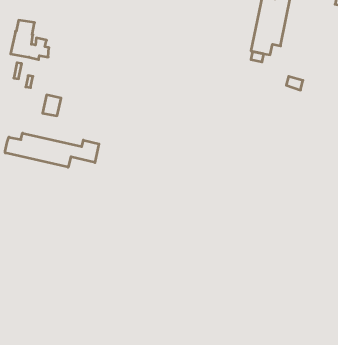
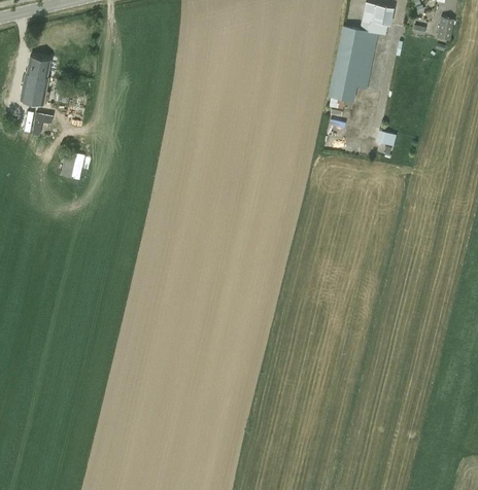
building: [5,133,99,167] -> none

